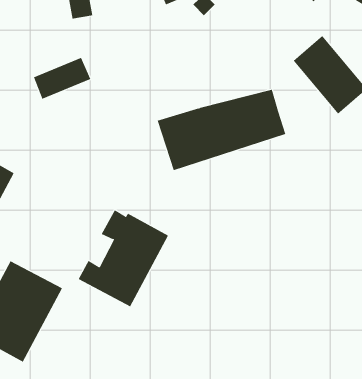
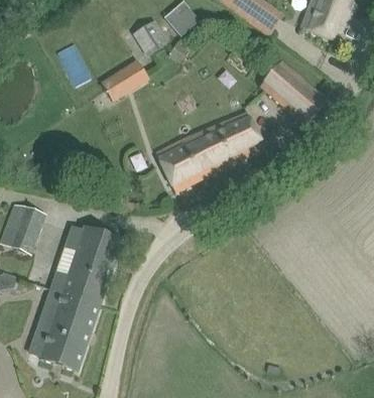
building: [33,57,91,99] -> [101,59,149,100]
building: [78,210,169,307] -> [51,225,121,303]

